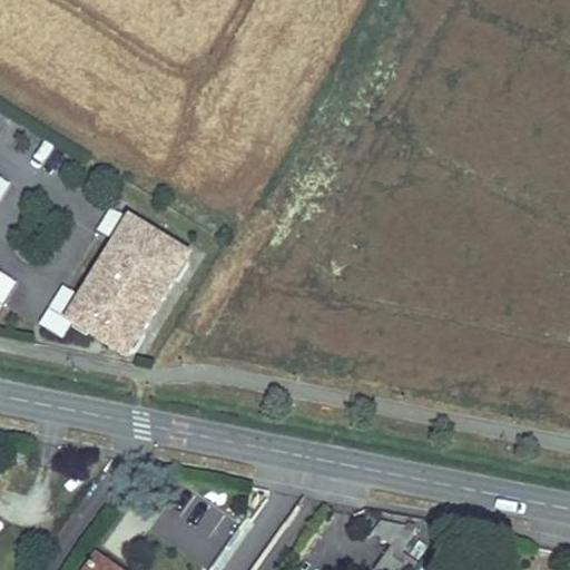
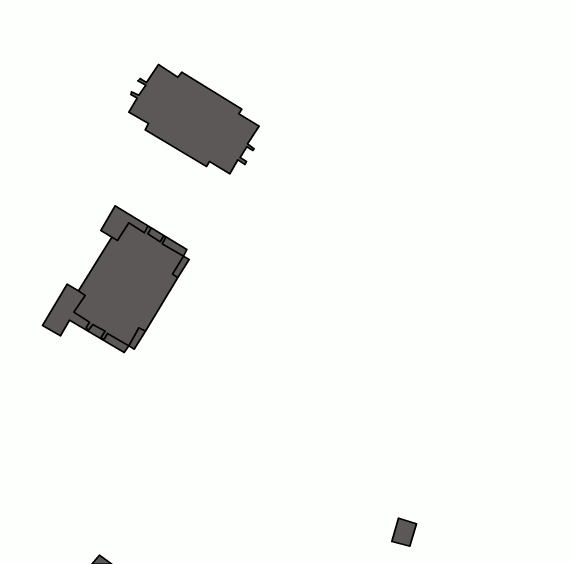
building: none -> [129,65,259,174]

